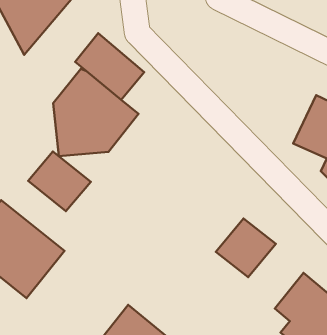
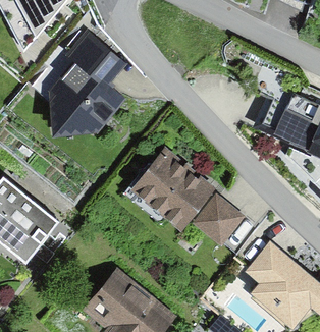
building: [28,152,91,211] -> none
building: none -> [130,149,217,233]

